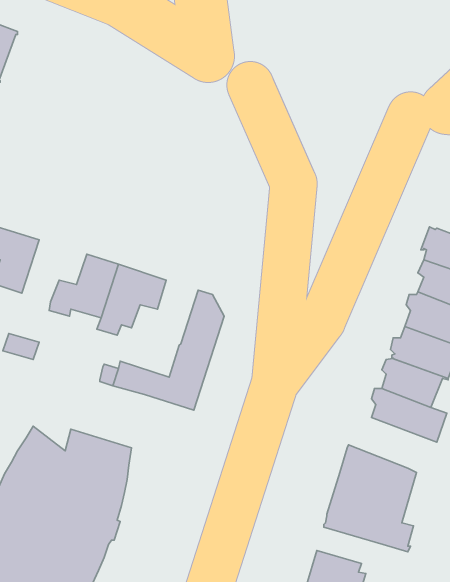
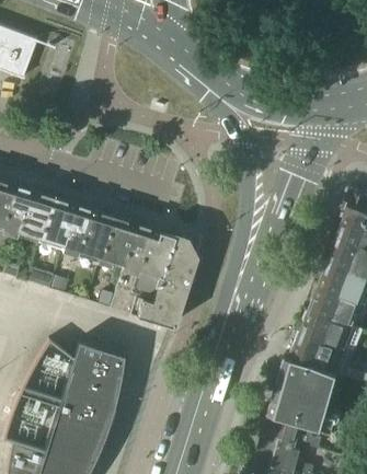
building: none -> [39,199,89,246]
building: none -> [114,230,173,303]
building: none -> [287,332,355,378]
building: none -> [263,417,321,451]

